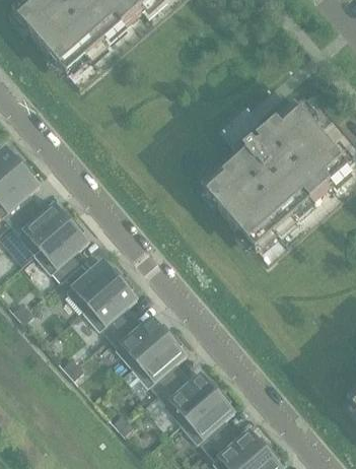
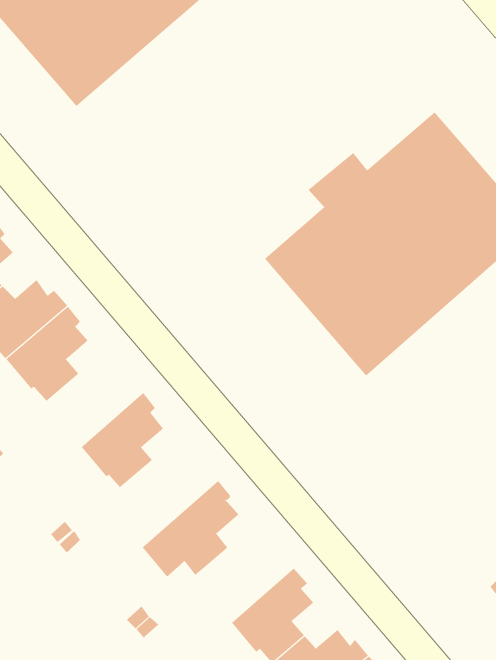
building: [63,257,121,309] -> none
building: [105,314,169,365] -> none
building: [154,371,218,422] -> none

